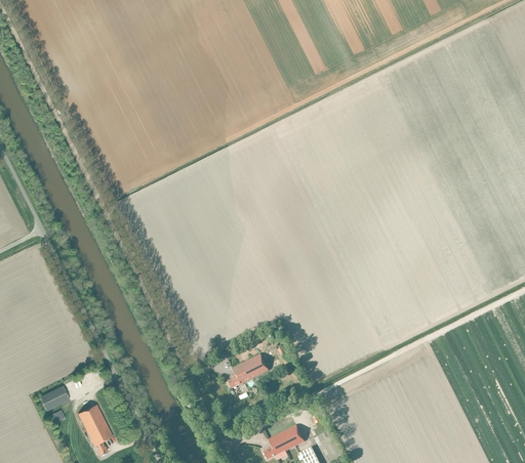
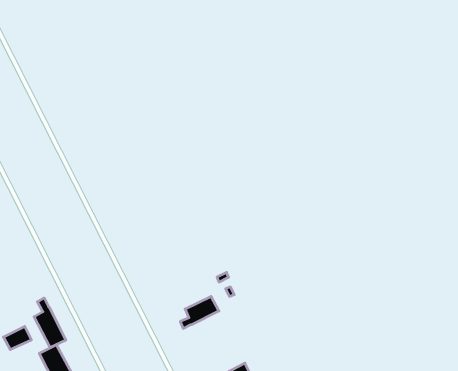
building: none -> [34,298,66,348]

